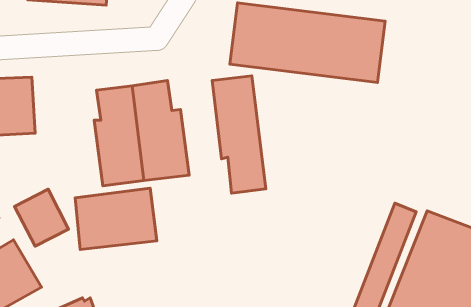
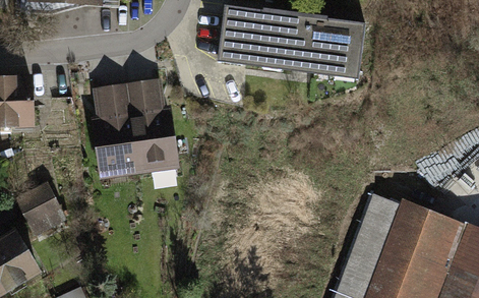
building: [212,76,266,193] -> none
building: [75,188,157,250] -> none

